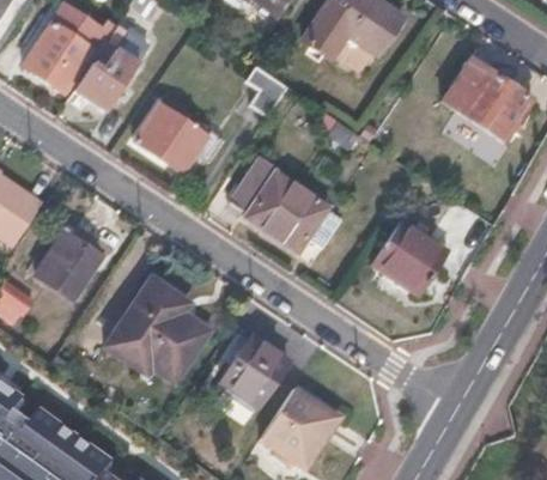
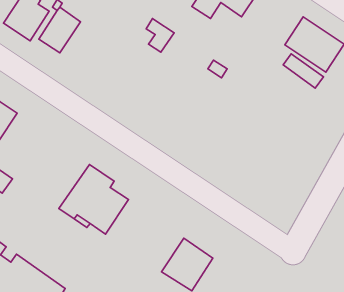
building: [135,103,211,175] -> none
building: [231,157,329,250] -> none
building: [372,223,448,297] -> none
building: [45,236,104,298] -> none
building: [221,332,287,405] -> none

